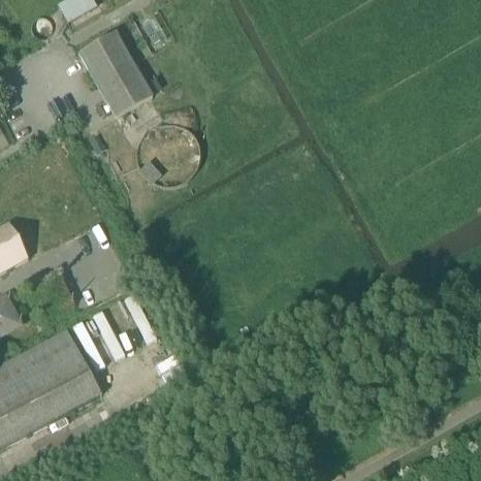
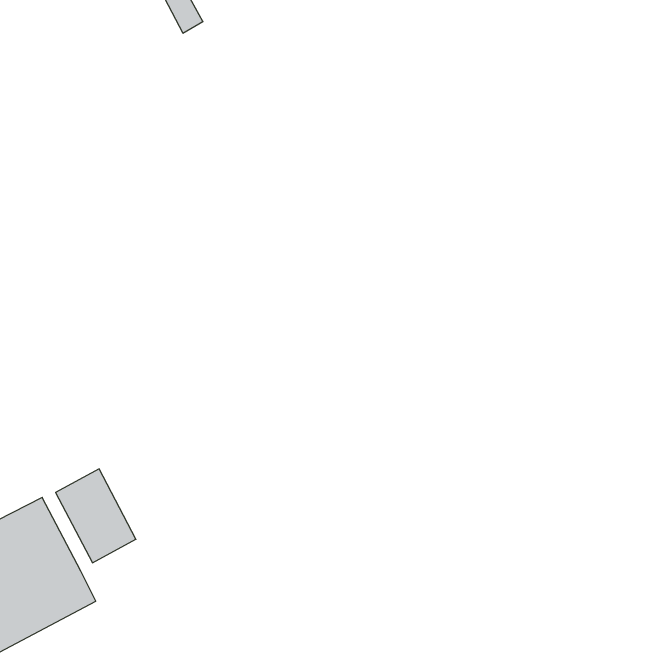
building: [77,30,152,116] -> none

